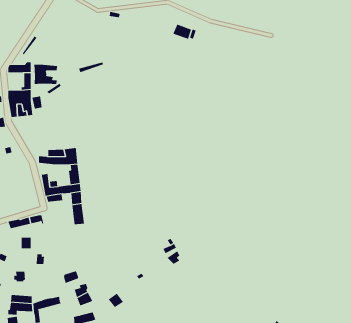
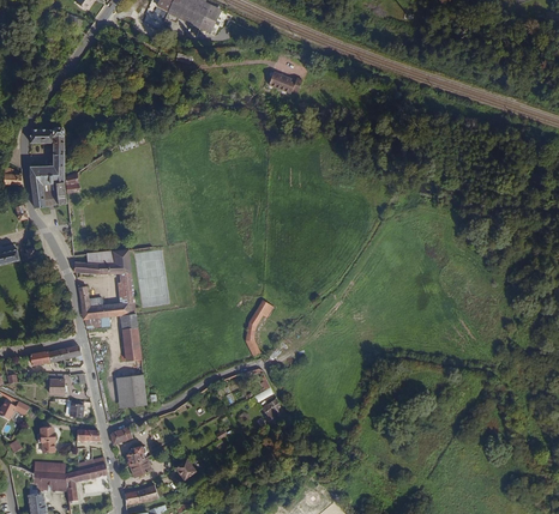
building: [34,64,58,85] -> none
building: none -> [245,300,274,356]
building: none -> [115,374,146,407]

